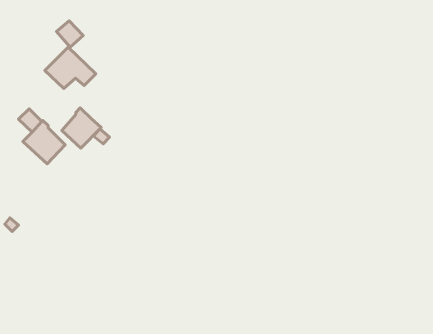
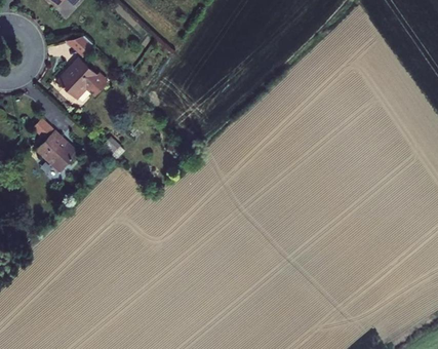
building: [62,108,101,148] -> none

